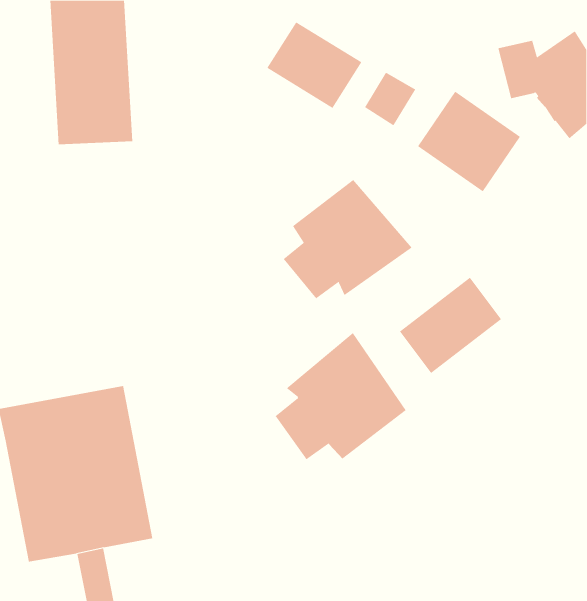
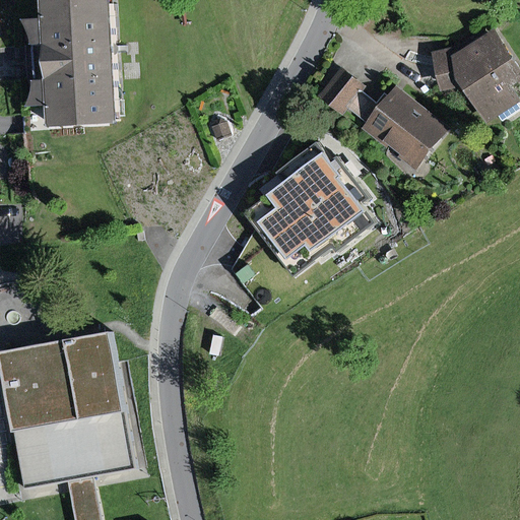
building: [267,21,362,109] -> none
building: [399,277,502,374] -> none
building: [275,332,406,460] -> none

